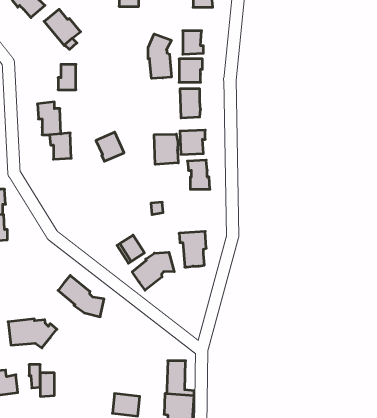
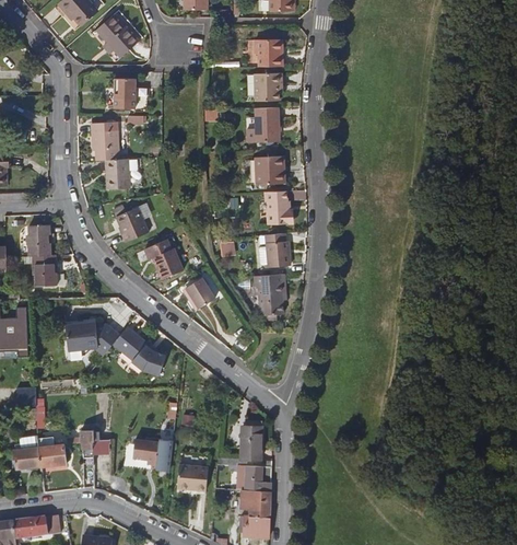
building: [148,34,171,78] -> none
building: [96,132,124,161] -> [115,207,148,241]
building: [154,134,178,164] -> none
building: none -> [265,232,290,266]
building: none -> [142,240,181,279]
building: [132,252,174,290] -> none
building: [8,319,57,348] -> [63,321,120,355]
building: none -> [132,437,172,468]

